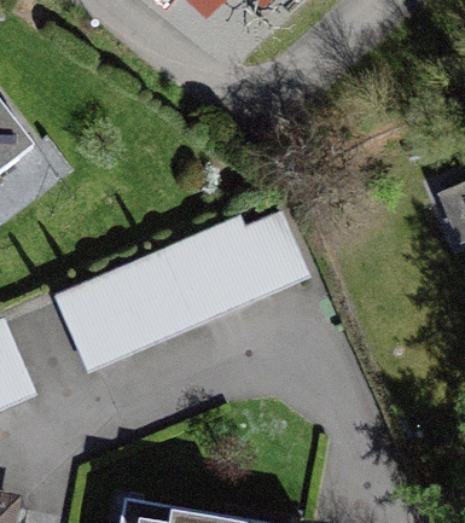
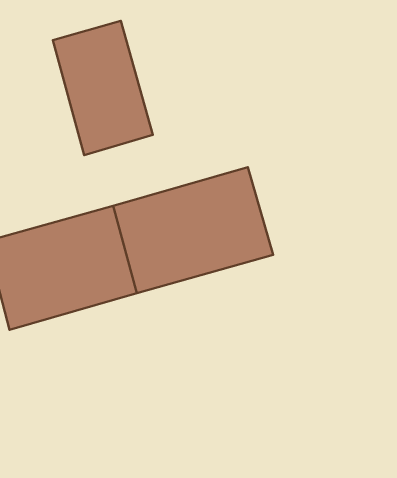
building: none -> [53,21,153,155]

